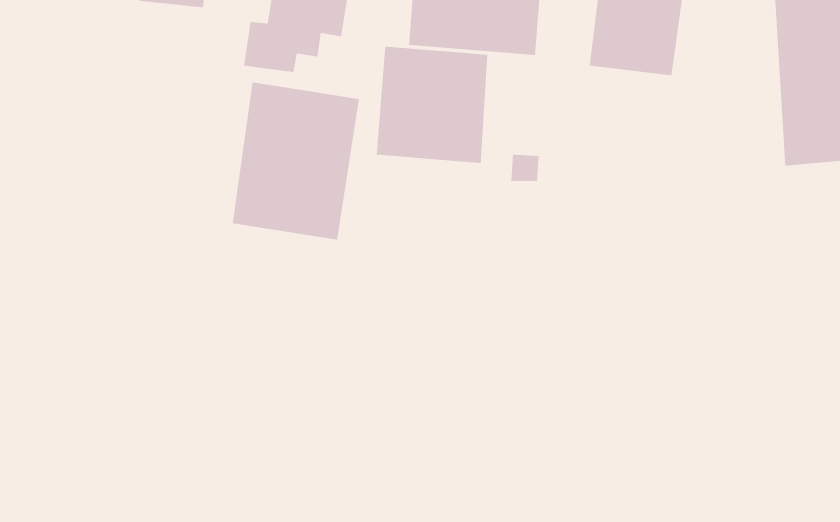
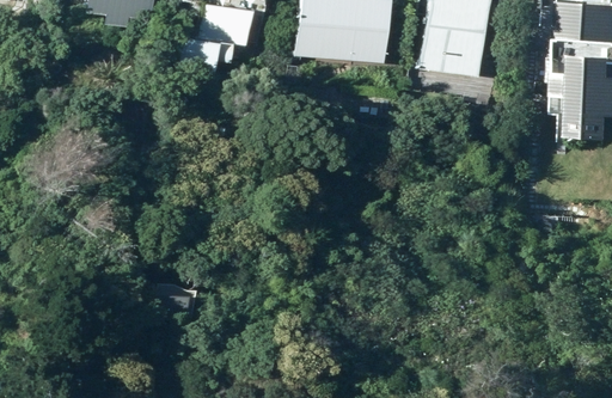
building: [376,46,488,164] -> none
building: [232,81,360,240] -> none

